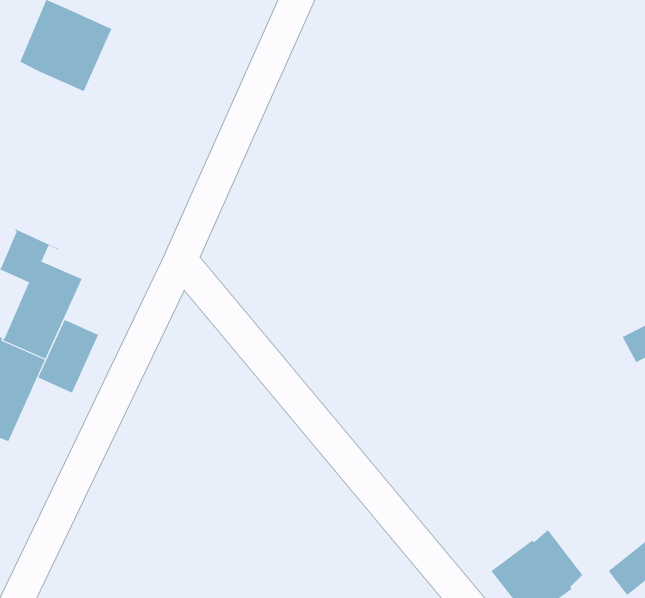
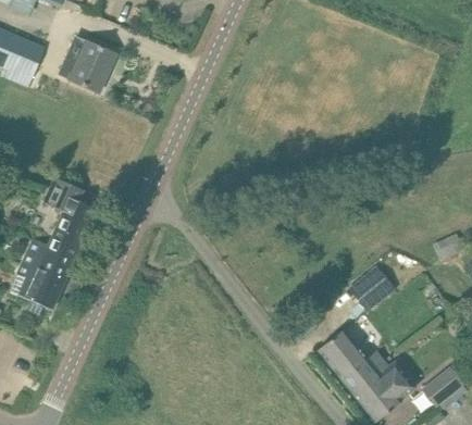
building: [37,319,99,393] -> none
building: none -> [350,266,396,310]
building: none -> [319,329,387,390]

